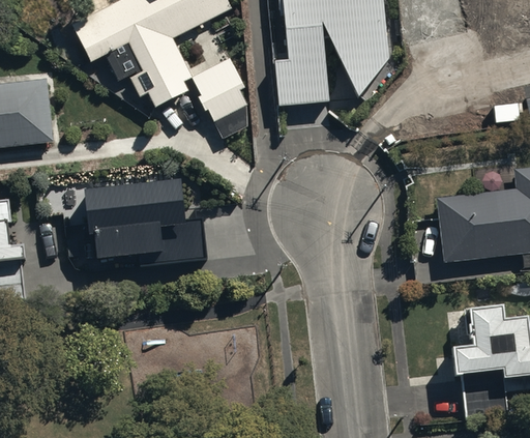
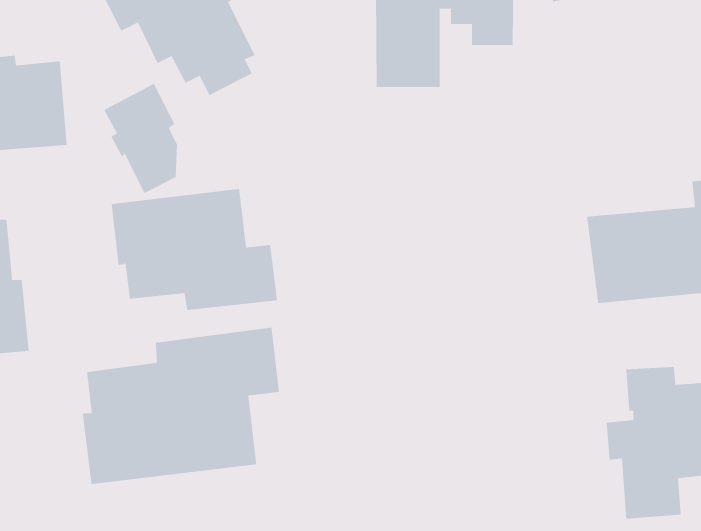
building: [194,58,248,140] -> [104,83,178,194]
building: none -> [82,327,279,485]

